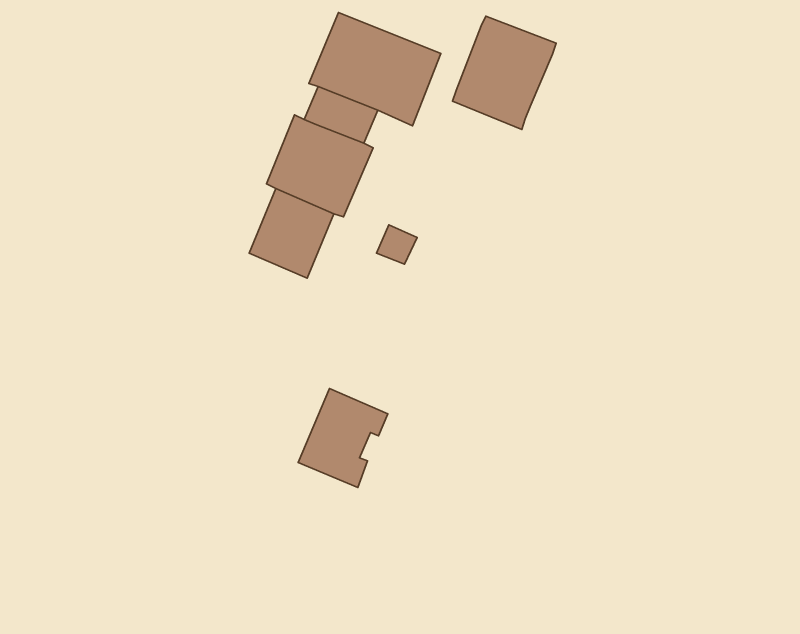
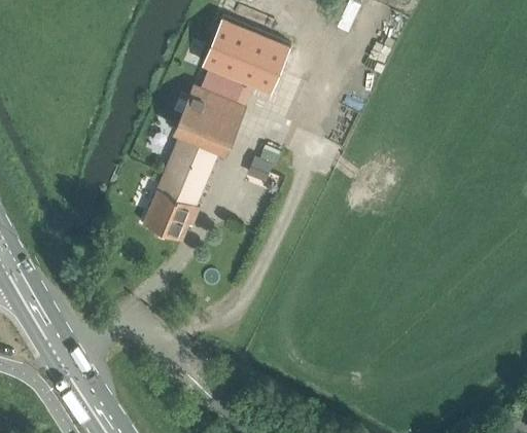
building: [453,16,556,130] -> none
building: [298,389,388,488] -> [143,177,202,242]

